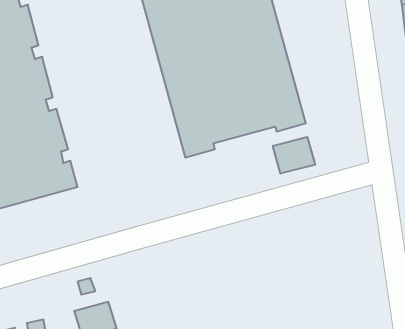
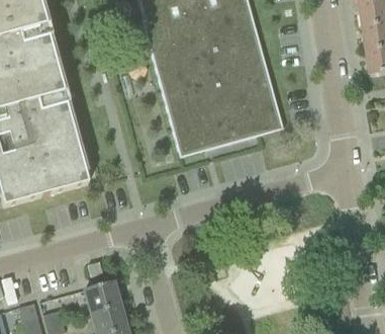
building: [273,137,315,174] -> none

